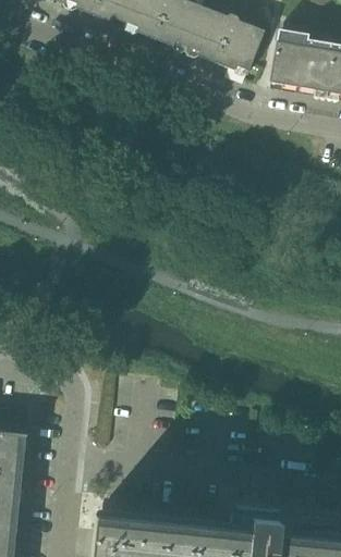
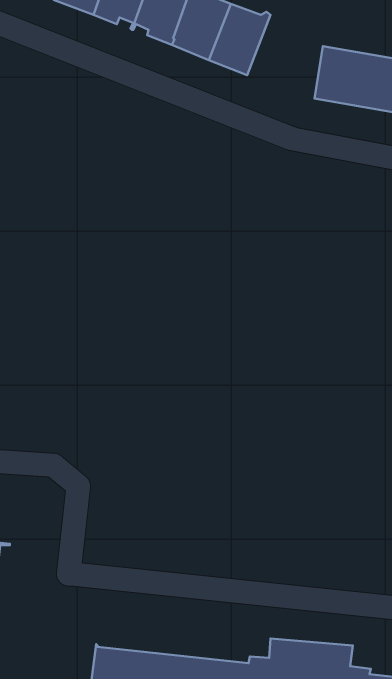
building: [216,15,265,75] -> none

